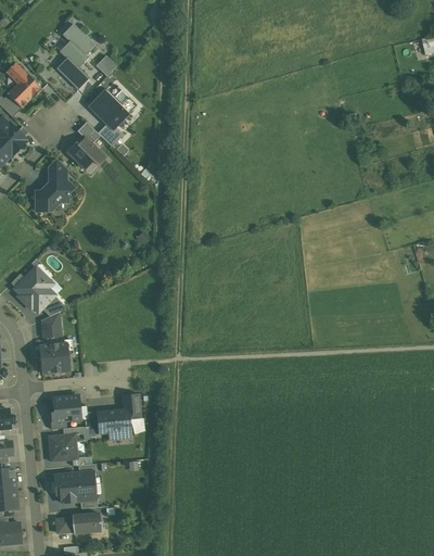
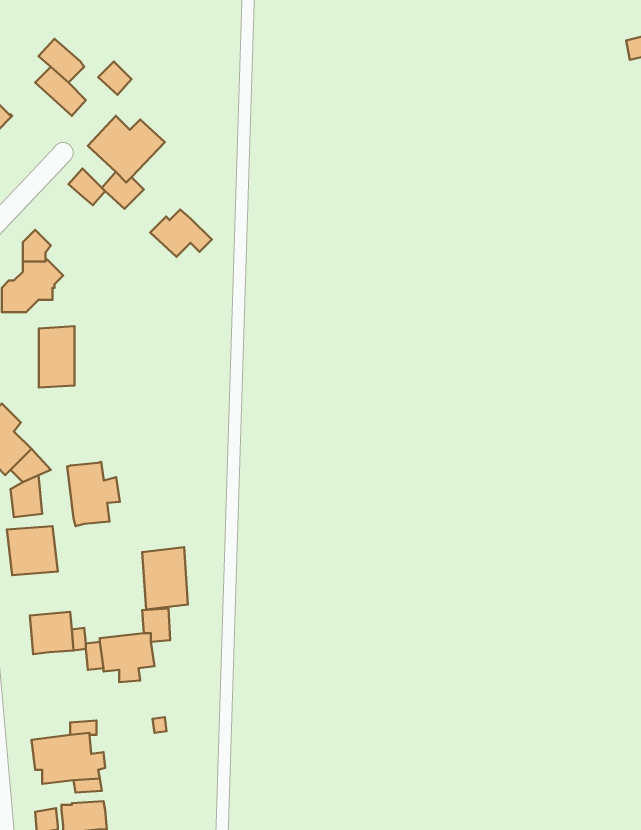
building: [62,24,94,55] -> none
building: [67,139,105,168] -> [150,210,212,257]
building: none -> [39,326,74,388]
building: none -> [67,462,120,526]
building: none -> [142,547,188,610]
building: [48,434,77,462] -> none

